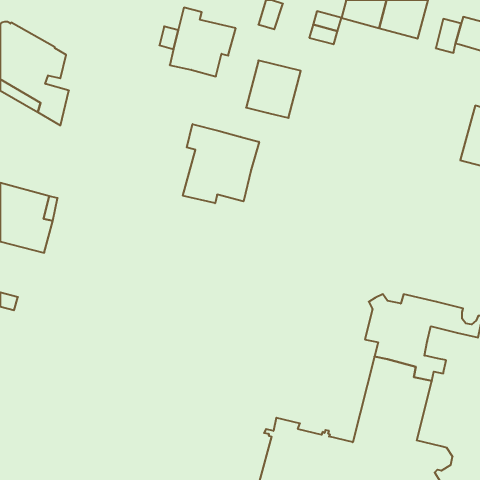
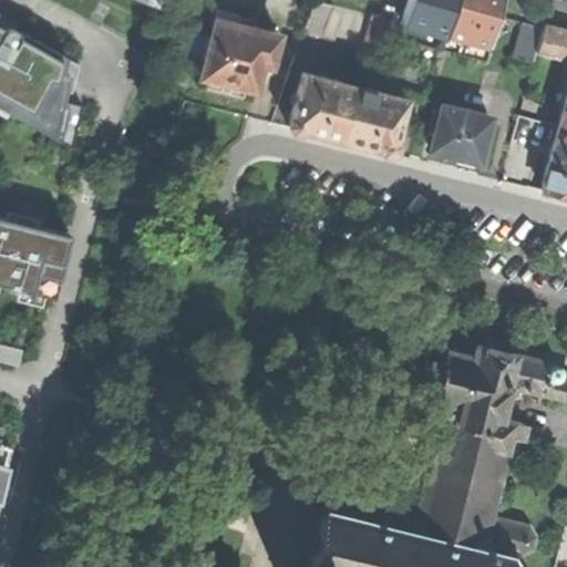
building: none -> [341,85,405,154]
building: none -> [432,104,492,163]
building: [183,124,259,203] -> none

